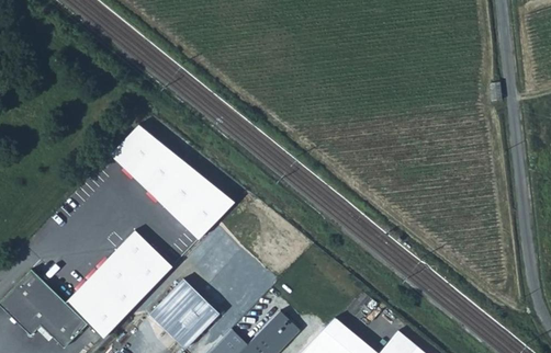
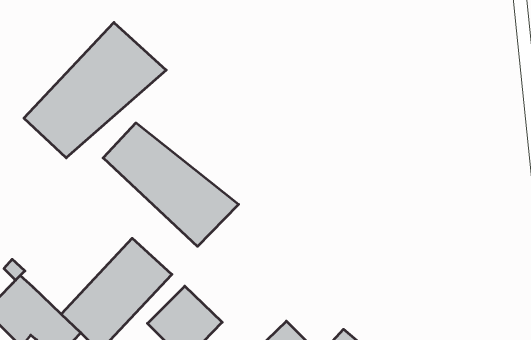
building: none -> [24,22,166,158]

